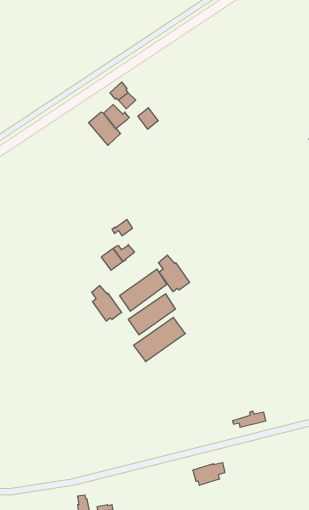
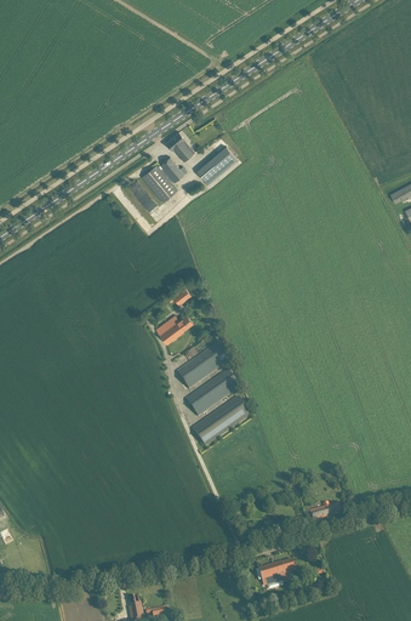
building: [159,255,190,292] -> none
building: [92,285,122,321] -> none

